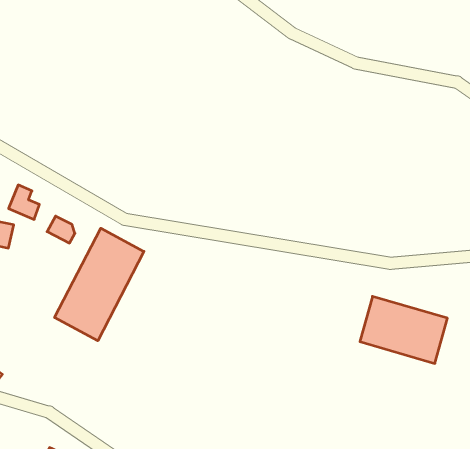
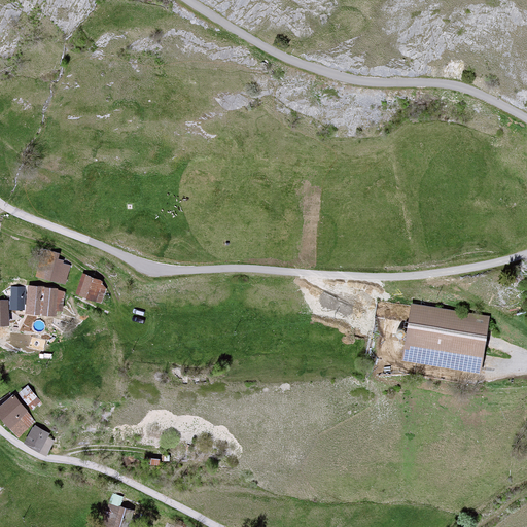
building: none -> [42,288,60,314]
building: [55,228,144,341] -> none

